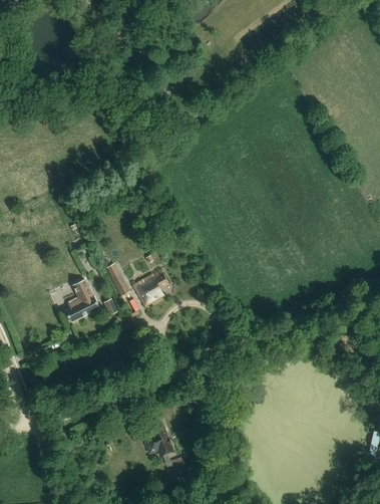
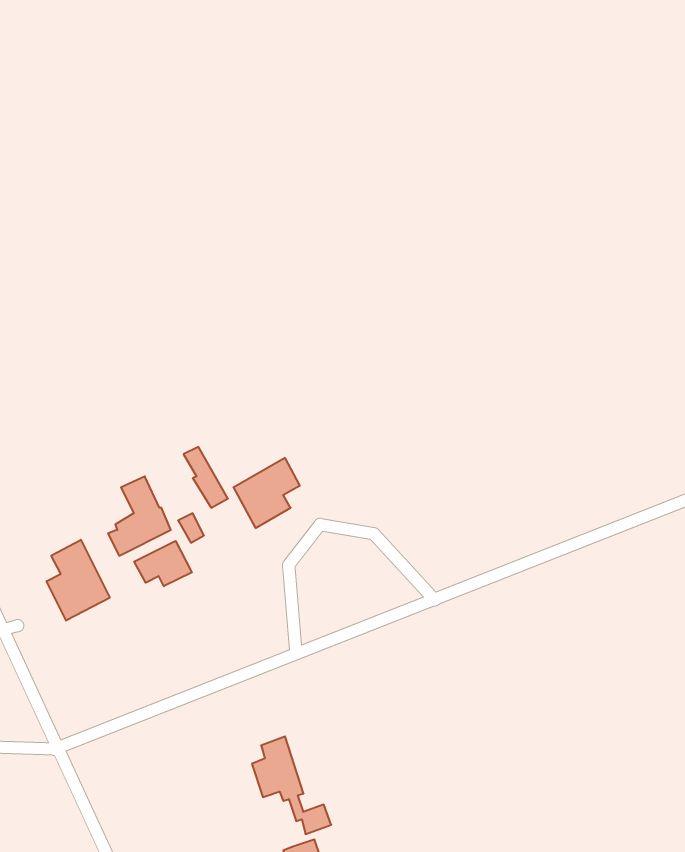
building: none -> [47,540,110,621]
building: none -> [134,541,192,586]

